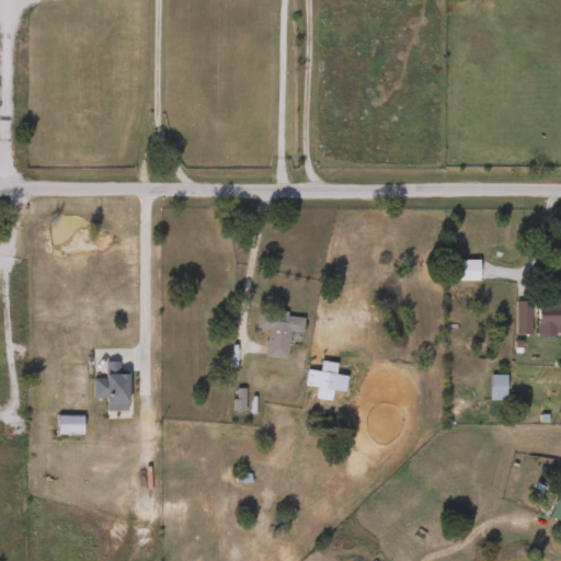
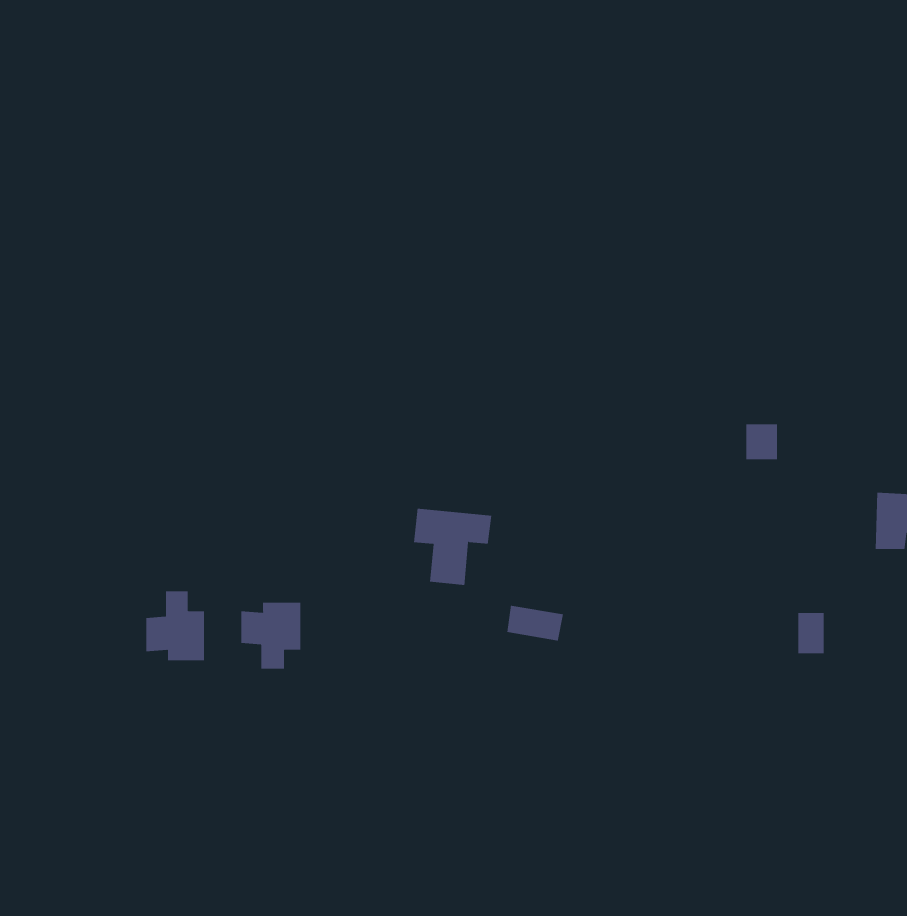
building: [518,301,534,335] -> none
building: none -> [241,602,301,670]
building: [60,415,85,434] -> none

